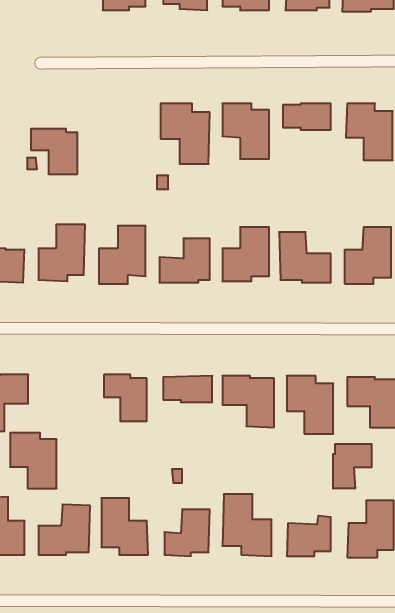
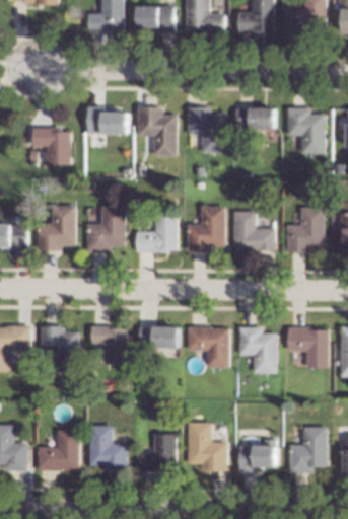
building: none -> [87,106,128,134]
building: [10,433,57,488] -> [41,326,78,371]
building: [333,444,372,489] -> none

